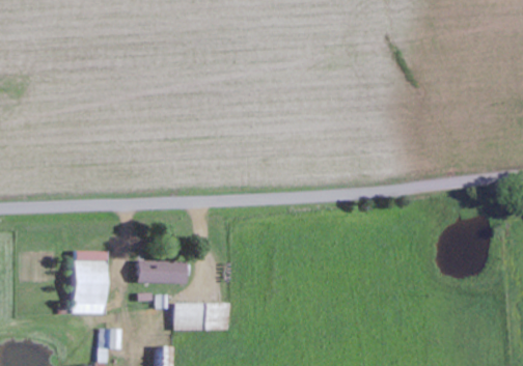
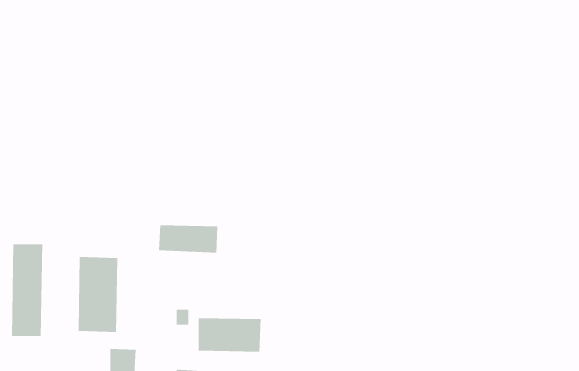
building: none -> [11,243,43,337]
building: [135,260,186,284] -> [158,225,218,253]

